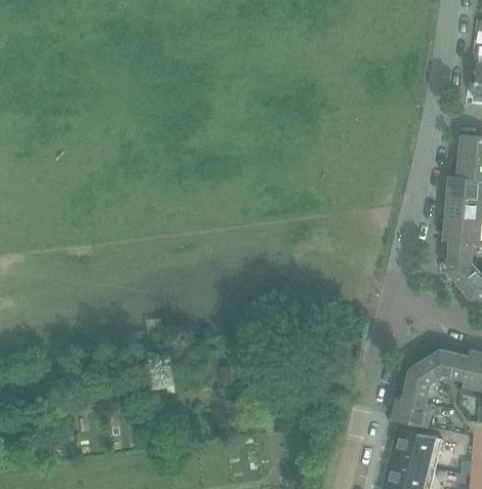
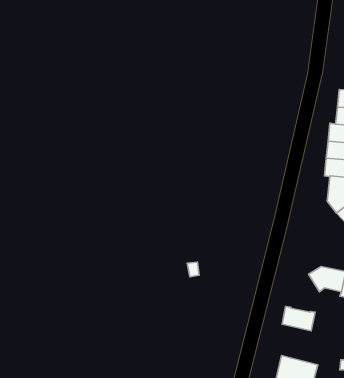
building: [402,359,437,405] -> none
building: [391,429,442,468] -> none

